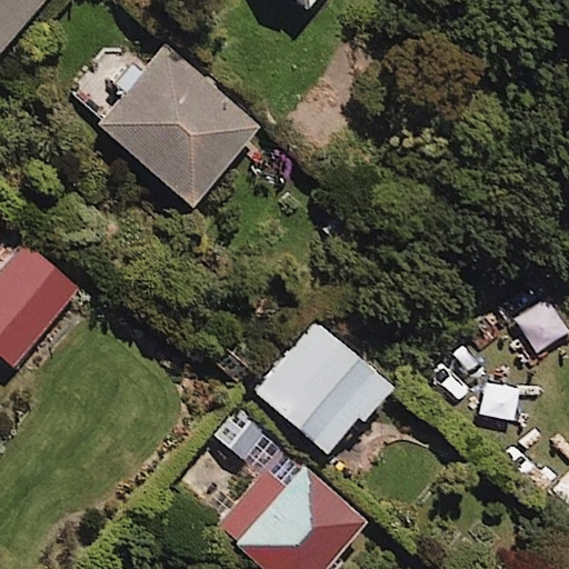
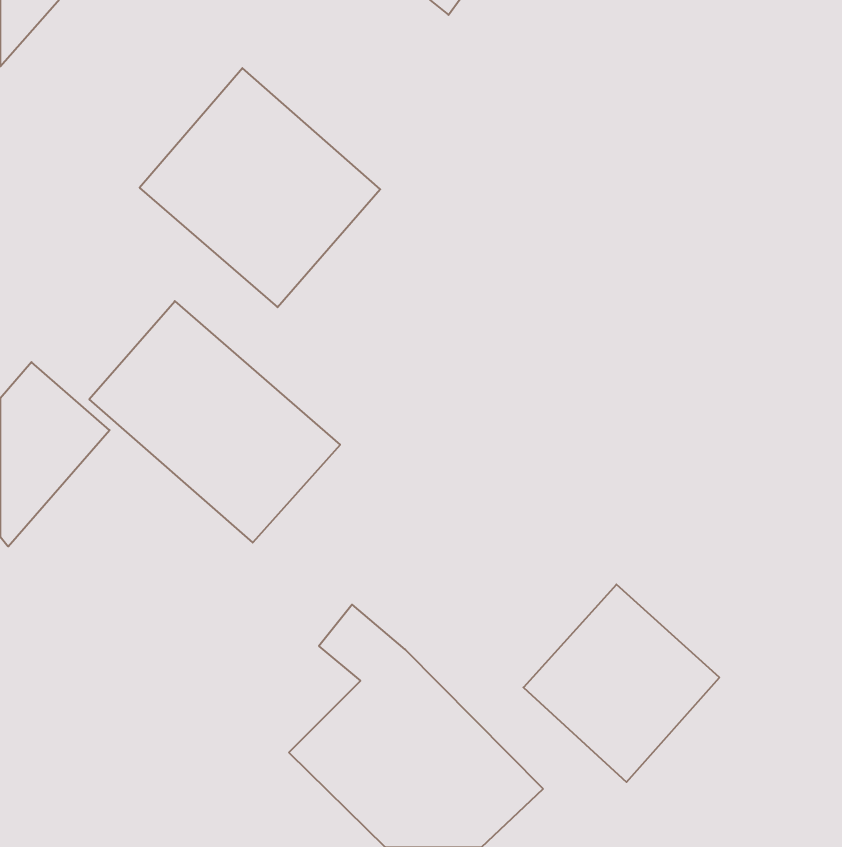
building: none -> [89,301,340,543]
building: [254,322,386,455] -> [523,584,719,782]

